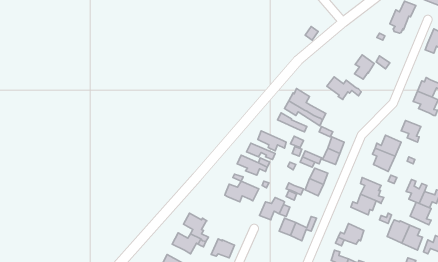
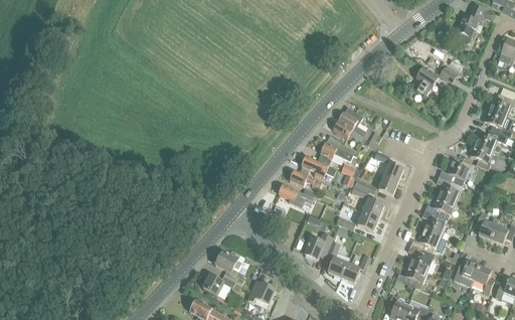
building: [327,77,361,100] -> none
building: none -> [474,129,507,150]
building: none -> [317,142,351,166]
building: none -> [423,194,454,219]
building: [225,181,259,202] -> none
building: [410,202,431,225] -> none
building: none -> [407,244,433,271]

